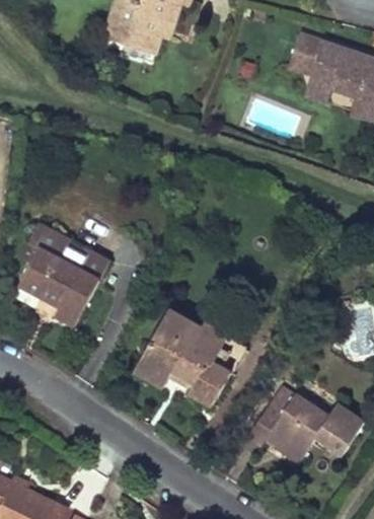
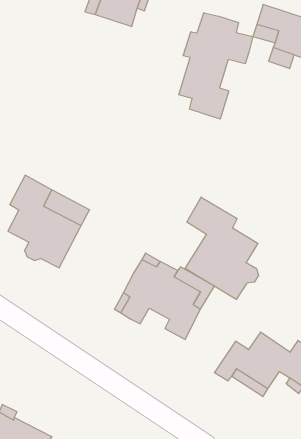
building: none -> [179,13,253,119]
building: none -> [185,197,258,299]

